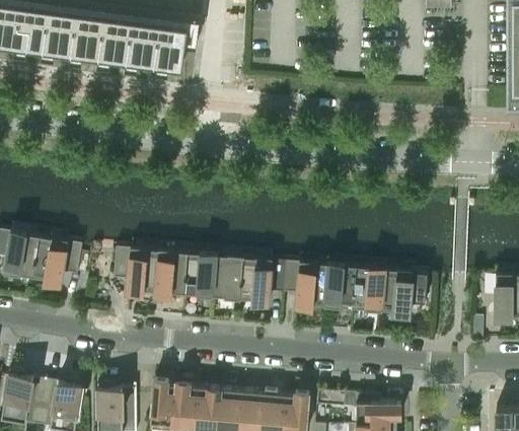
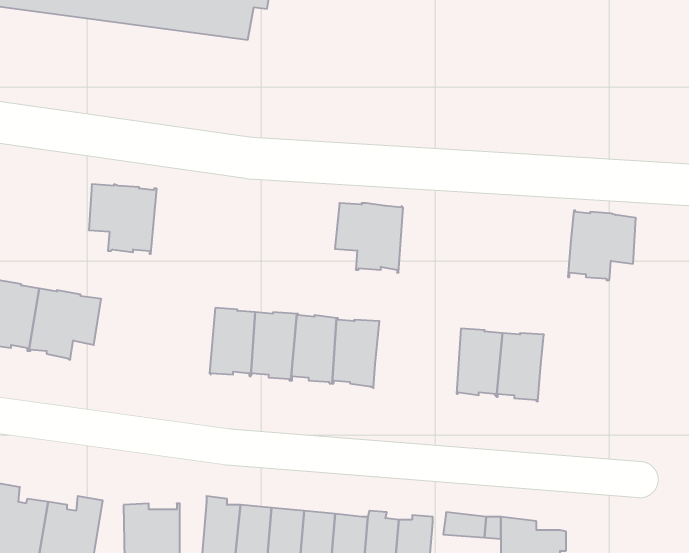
building: [114,247,160,295] -> [89,184,157,254]
building: [282,262,328,309] -> [335,203,403,273]
building: [381,269,428,316] -> [568,210,636,280]

